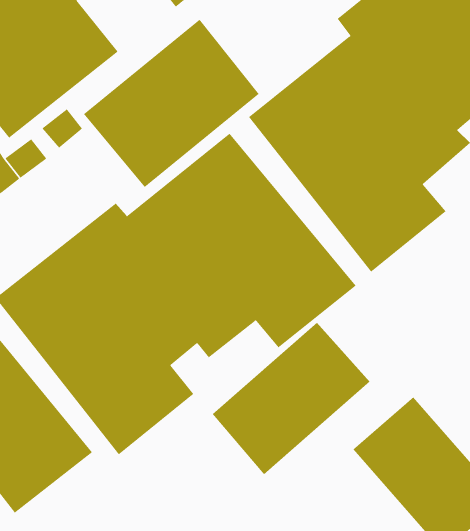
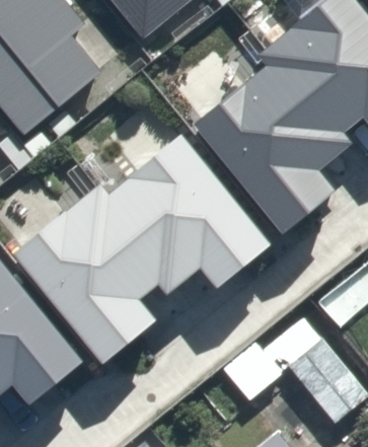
building: [83,19,259,188] -> none
building: [212,322,371,475] -> none

